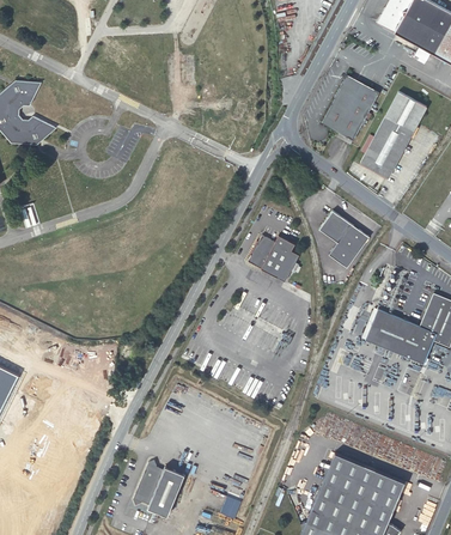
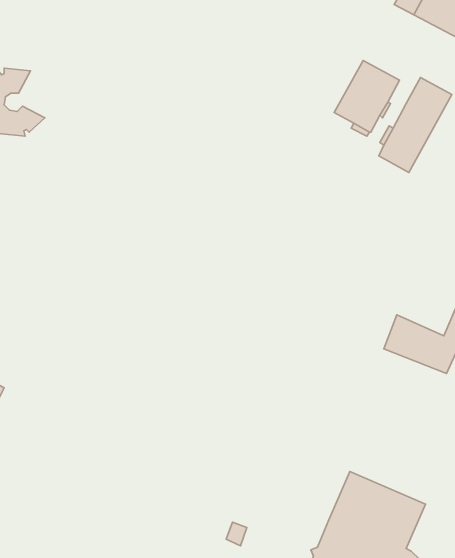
building: [318,211,368,268] -> none
building: [248,236,299,282] -> none
building: [130,458,182,515] -> none

